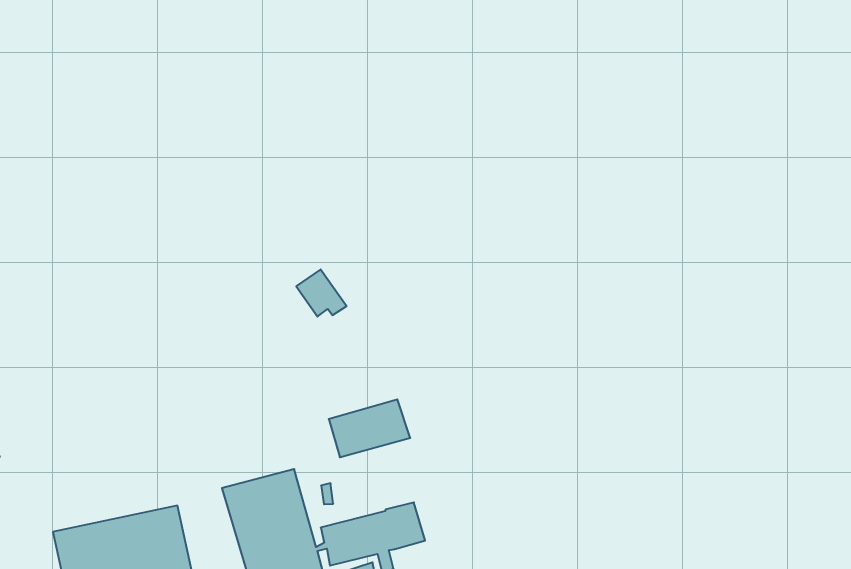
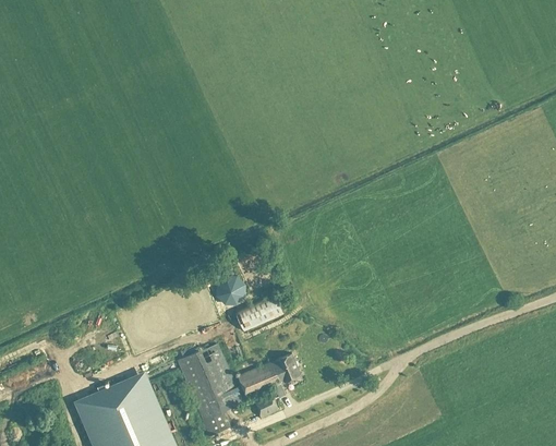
building: [296,269,347,317] -> [210,278,242,306]

